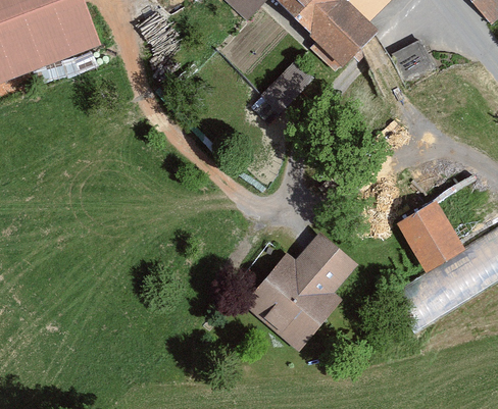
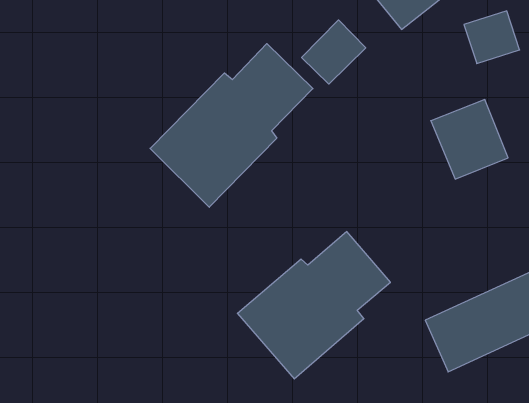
building: none -> [150,44,313,207]
building: [397,201,462,267] -> [431,100,508,179]

